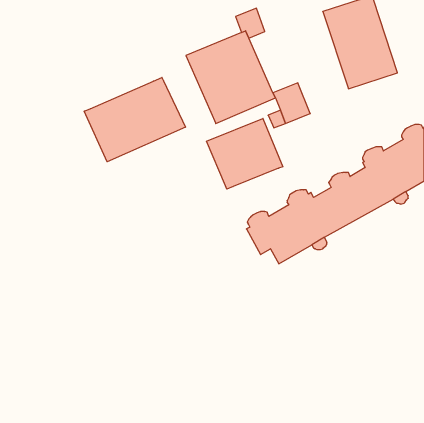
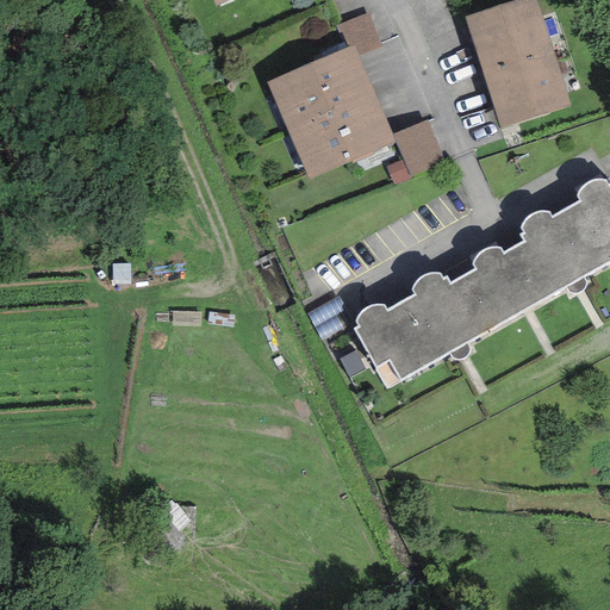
building: [84,77,185,162] -> none
building: [206,118,283,189] -> none

